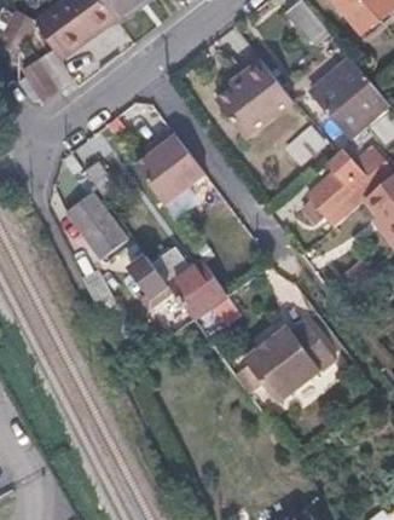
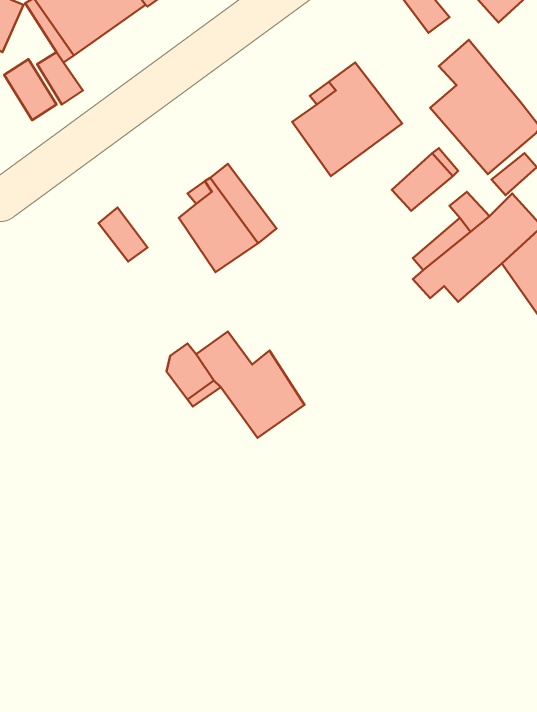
building: [63,191,126,258] -> none
building: [243,319,335,403] -> none

